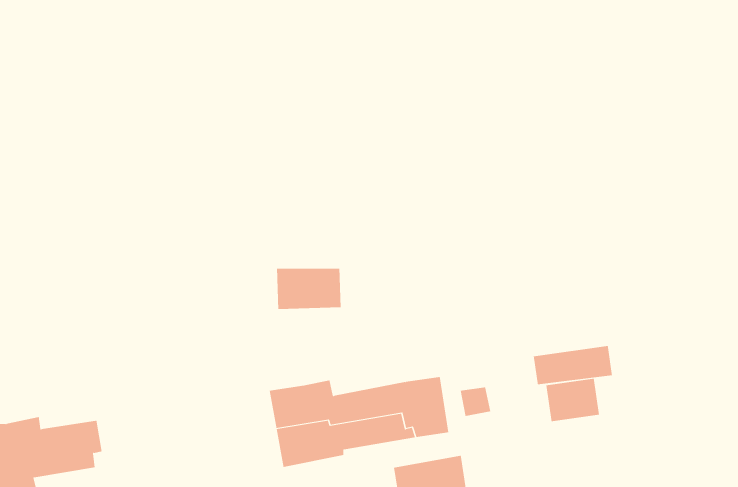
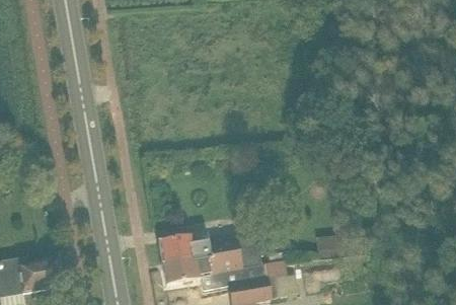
building: [276,268,341,310] -> none
building: [533,345,613,385] -> none

